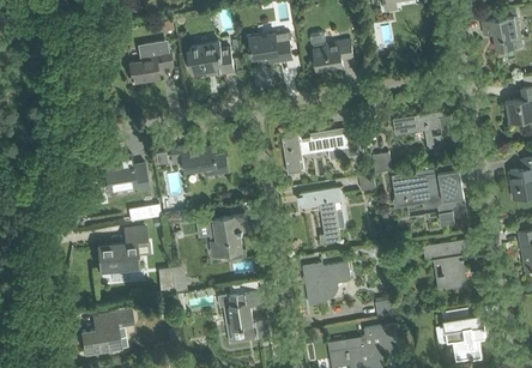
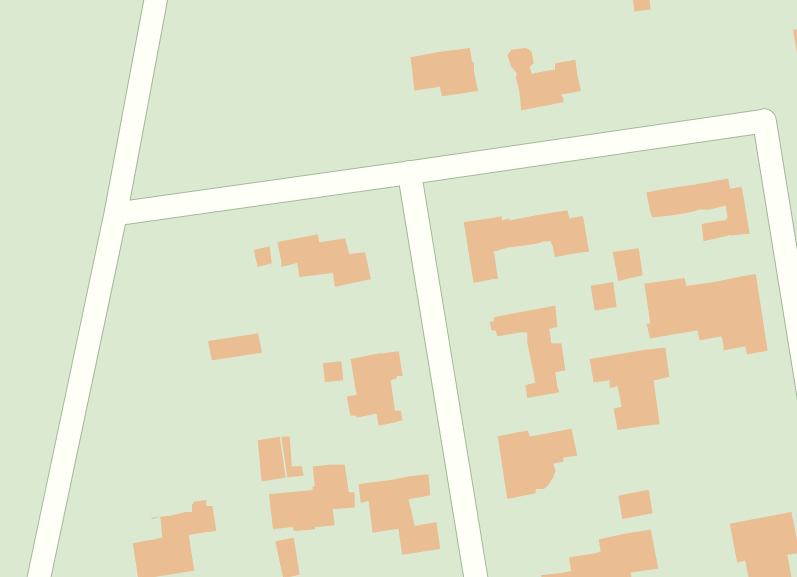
building: [128,41,171,83] -> none
building: [187,42,234,73] -> none
building: [103,155,147,189] -> none
building: [97,228,150,269] -> [268,464,355,531]
building: [423,239,472,289] -> [589,347,670,430]

